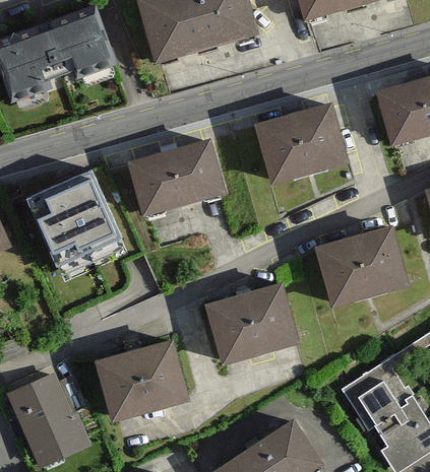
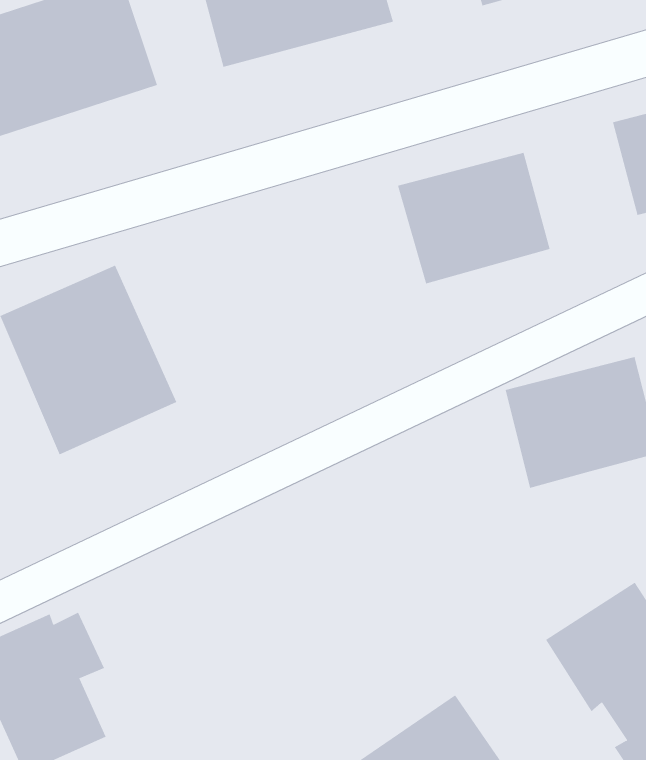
building: [126,141,220,216] -> none
building: [207,281,299,360] -> none
building: [96,342,186,418] -> none

